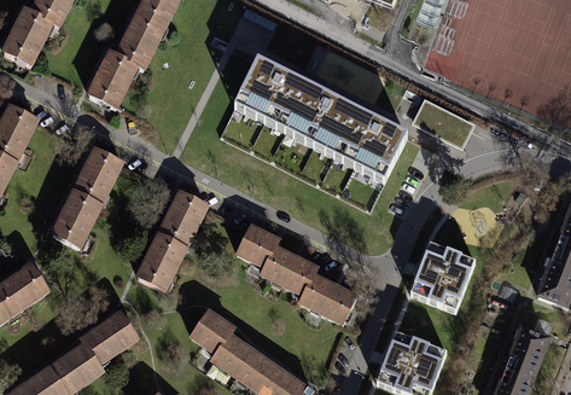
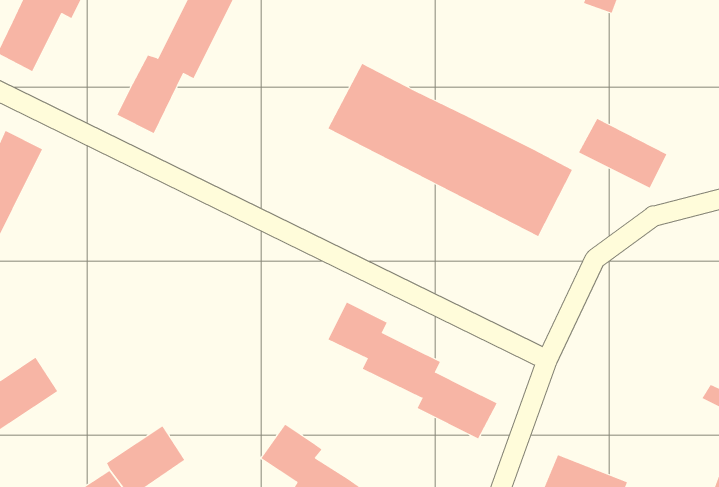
building: [52,149,121,246] -> none
building: [136,191,206,290] -> none
building: [414,243,477,310] -> none

